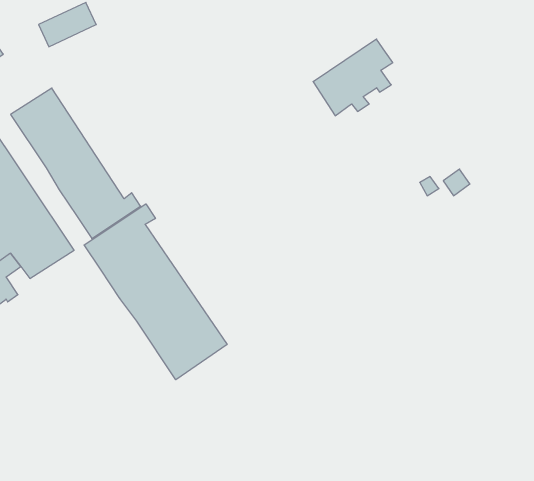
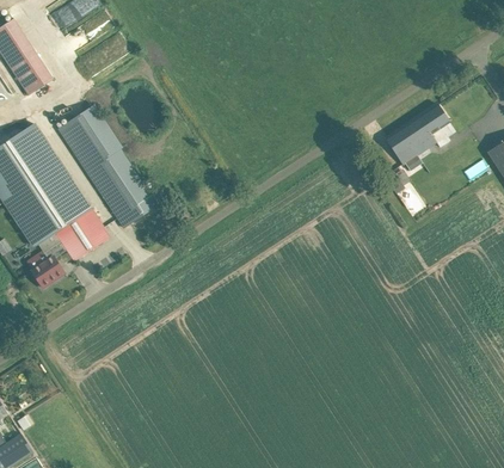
building: [313,39,393,116] -> [385,103,449,165]
building: [84,204,227,380] -> none

